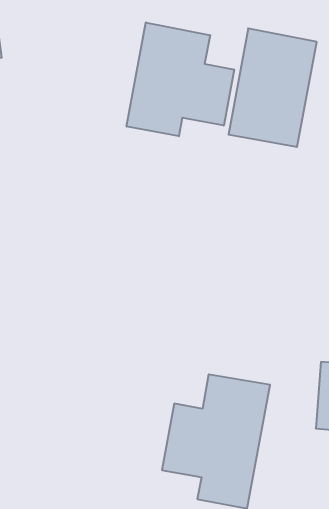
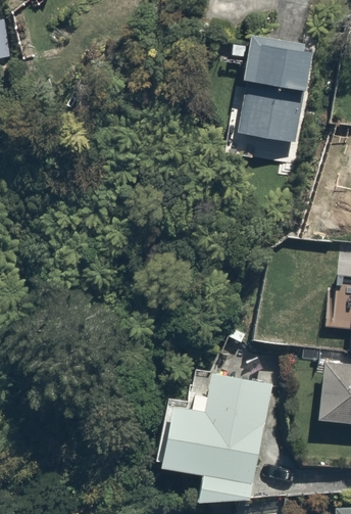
building: [127,22,234,136] -> none

